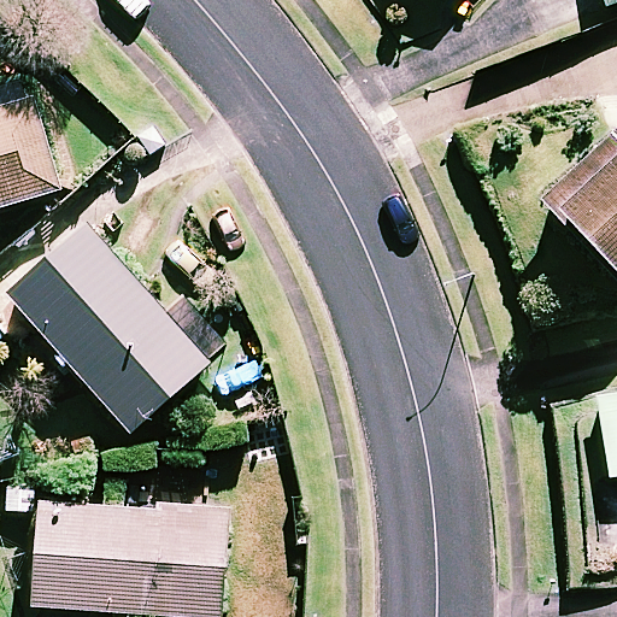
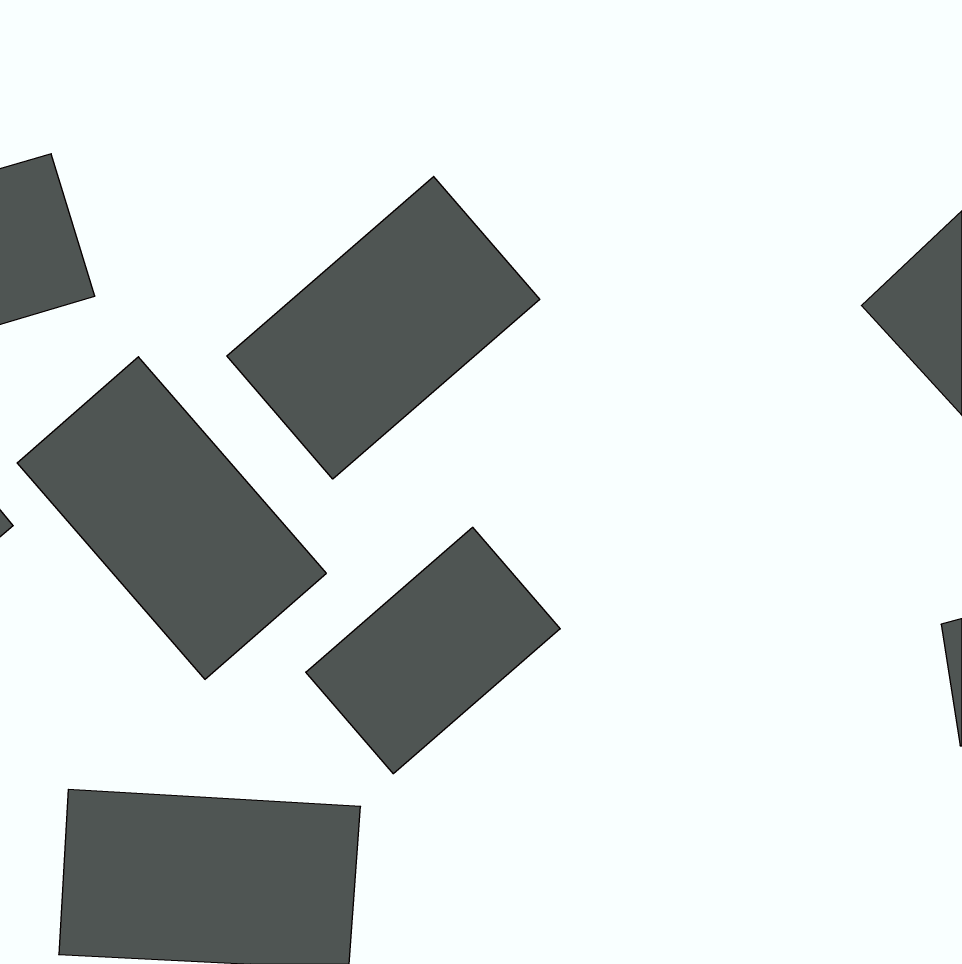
building: none -> [227,176,540,479]
building: none -> [306,527,560,774]

